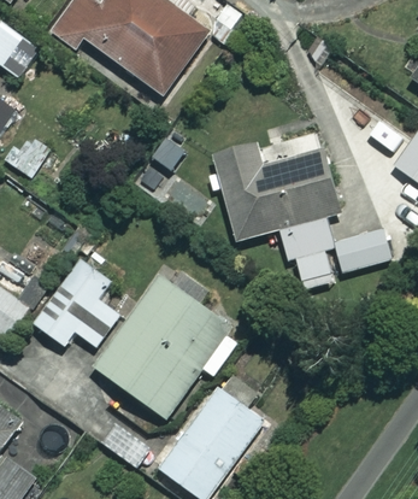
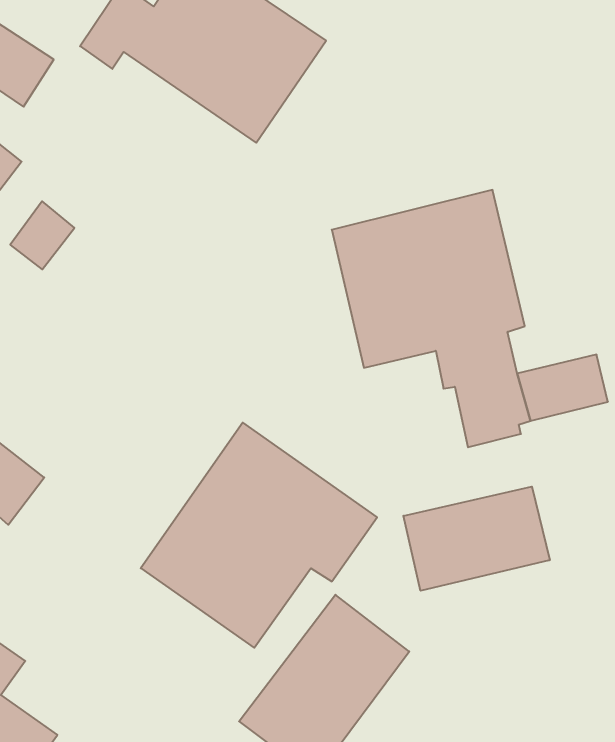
building: [31,257,120,347] -> none
building: none -> [403,487,550,591]

